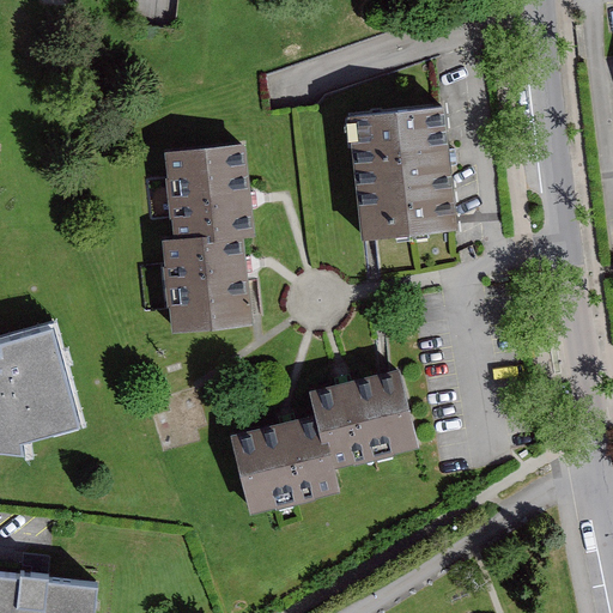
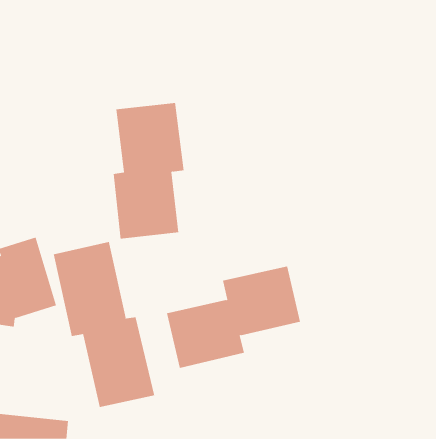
building: [350,104,457,239] -> none
building: none -> [53,241,155,408]

